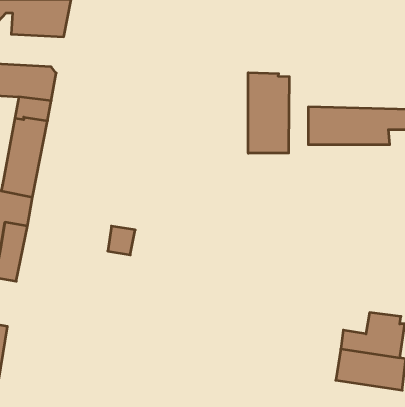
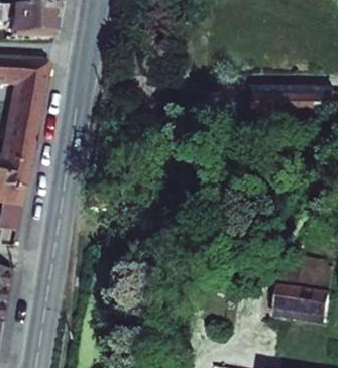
building: [248,73,289,153] -> none

